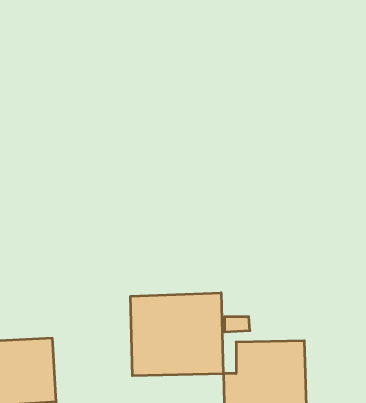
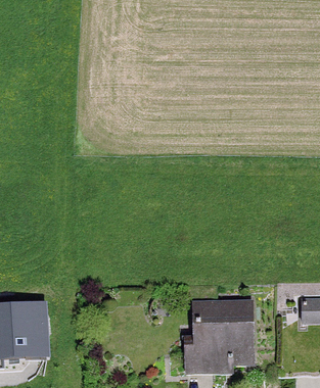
building: [131,293,223,376] -> none

